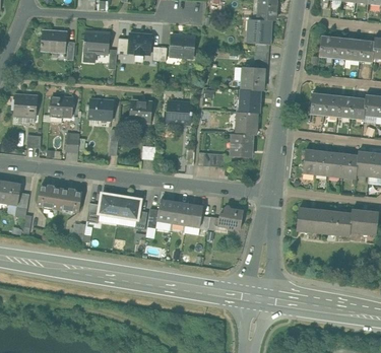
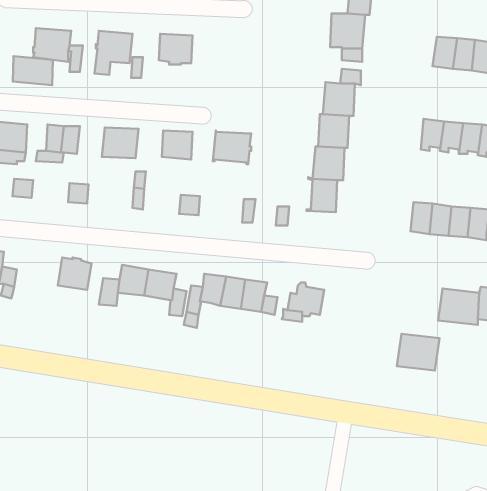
building: [170,34,195,58] -> none
building: none -> [13,56,53,85]
building: [37,186,61,208] -> none
building: [296,207,325,232] -> [397,334,439,370]

